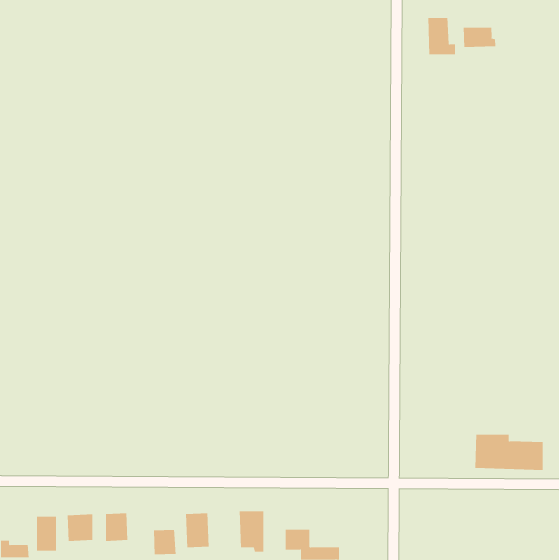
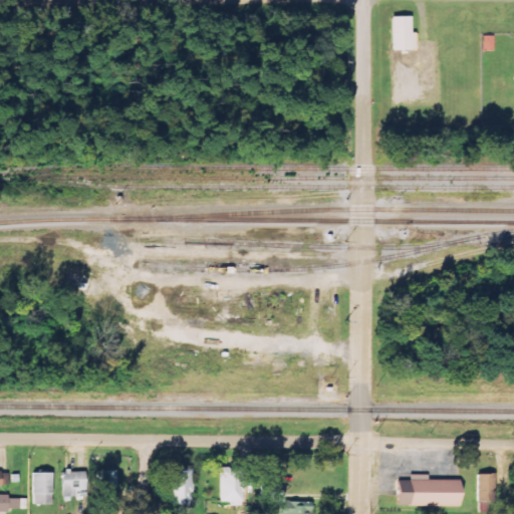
building: [463,27,496,48] -> none
building: [474,434,543,470] -> [397,474,460,507]
building: none -> [478,473,497,501]
building: [154,529,176,555] -> none

